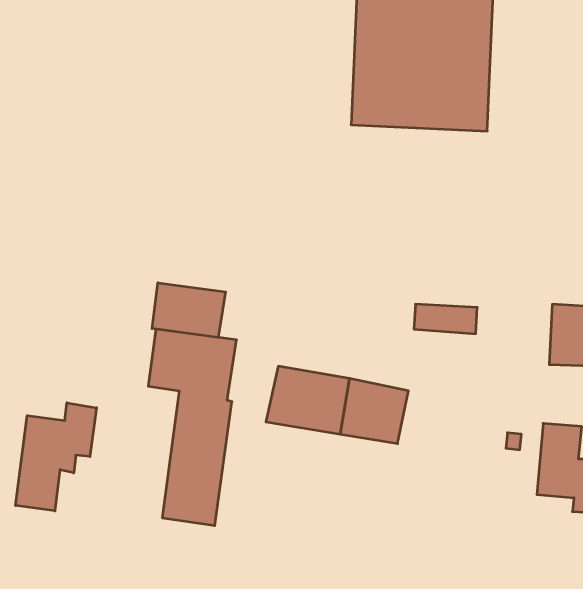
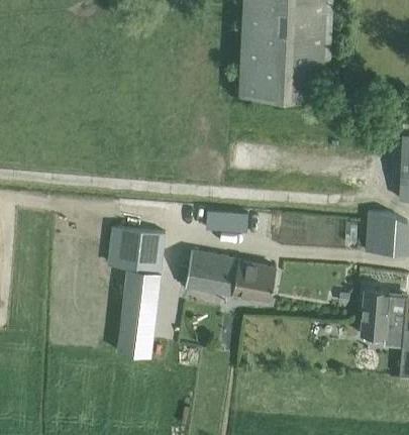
building: [152,283,226,337] -> none
building: [414,304,477,334] -> [206,212,247,231]
building: [16,403,97,511] -> none

